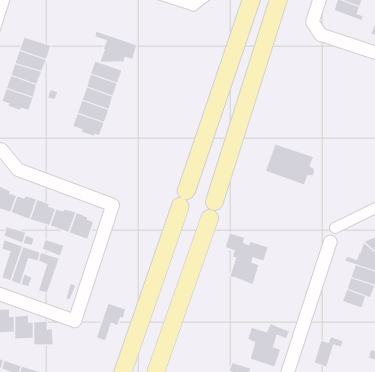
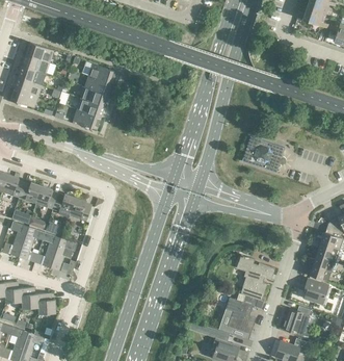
building: [95,31,137,63] -> none
building: [225,233,269,285] -> [236,255,274,301]
building: [96,303,126,341] -> [50,237,76,270]
building: none -> [302,278,328,304]

